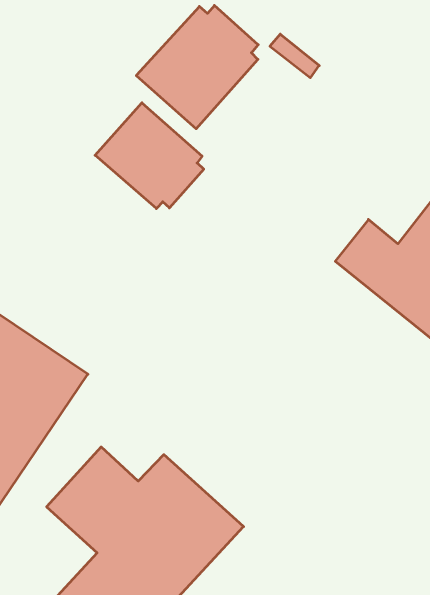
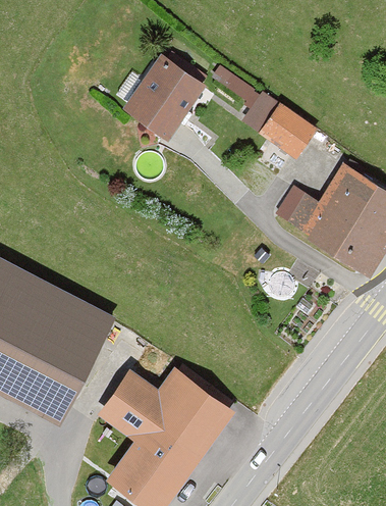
building: none -> [244,94,313,155]
building: [95,103,204,209] -> none

